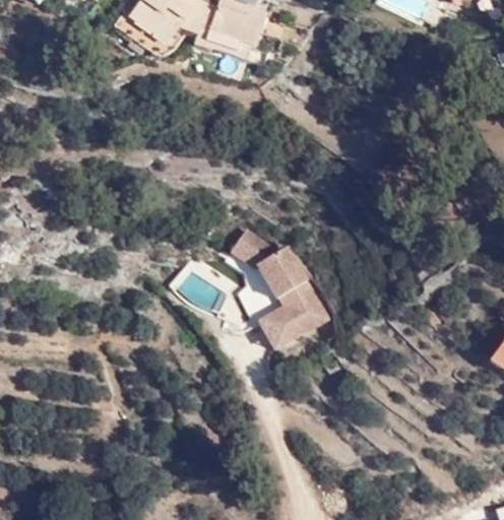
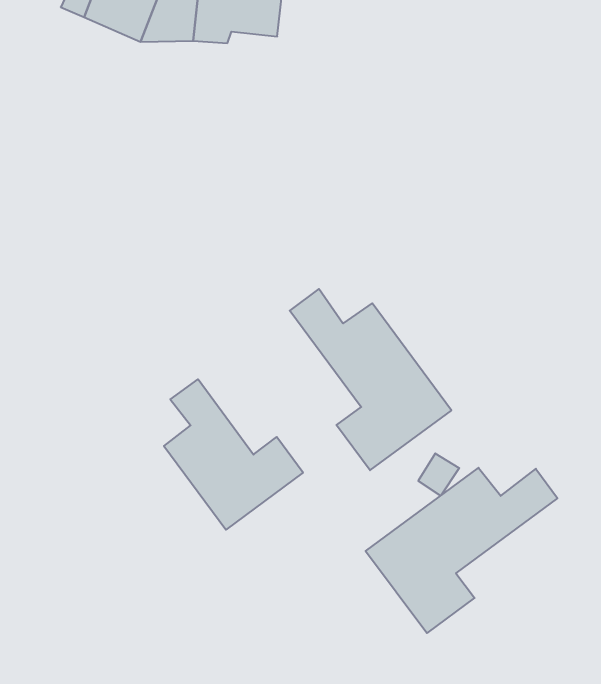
building: none -> [164,379,303,530]
building: none -> [366,468,557,633]

